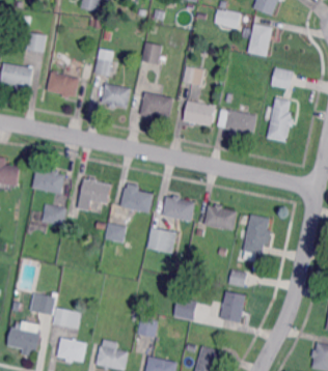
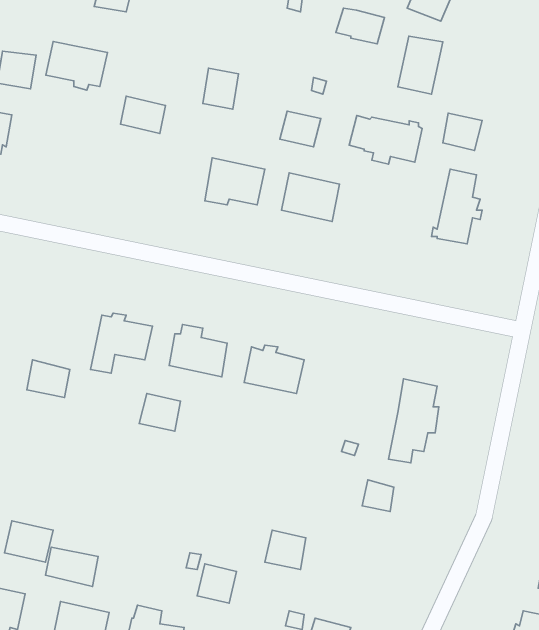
building: [46,72,80,98] -> [46,41,107,90]
building: [101,83,131,109] -> none
building: [217,108,257,135] -> [349,115,422,164]
building: [31,168,65,194] -> none
building: [203,203,237,230] -> none
building: [145,227,173,251] -> none
building: [219,290,245,322] -> none

